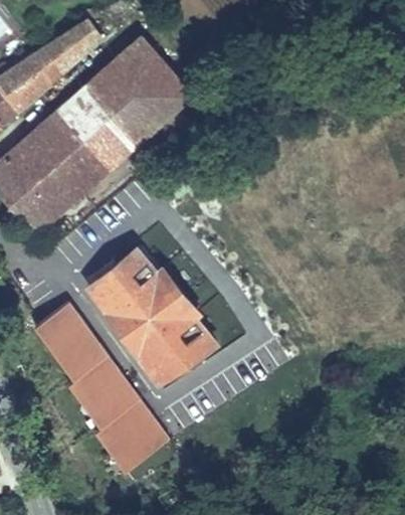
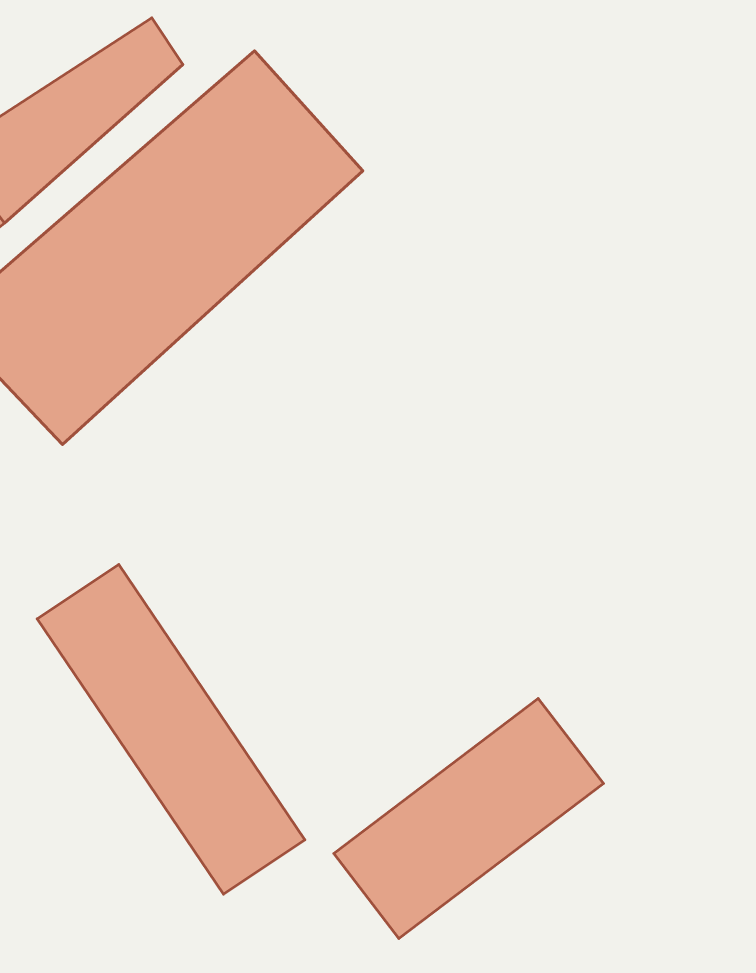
building: [78,243,221,388] -> none
building: none -> [334,698,603,939]

